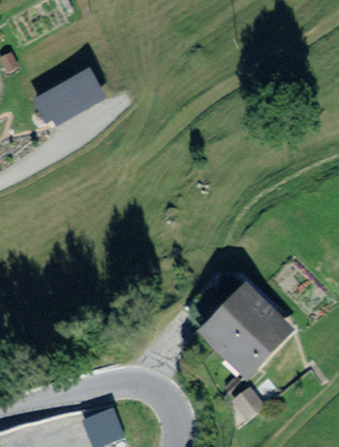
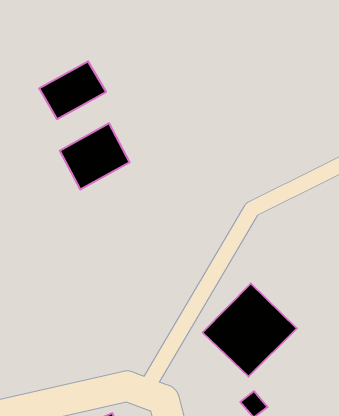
building: none -> [60,123,130,190]

